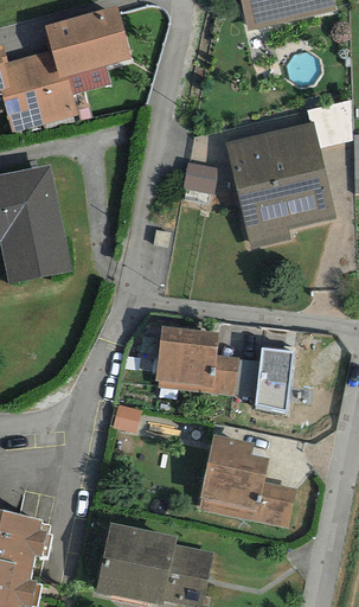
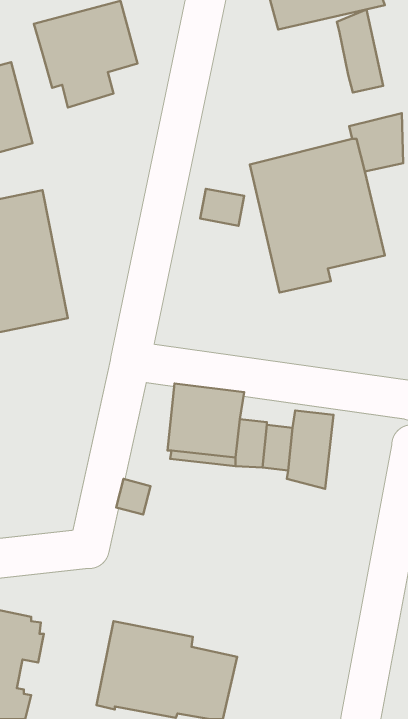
building: none -> [337,9,383,92]
building: [25,50,78,124] -> none
building: [199,434,296,528] -> none

